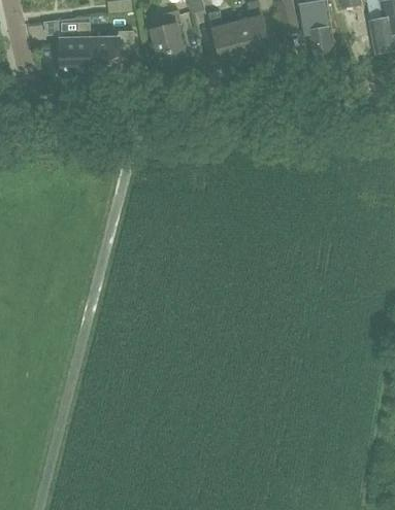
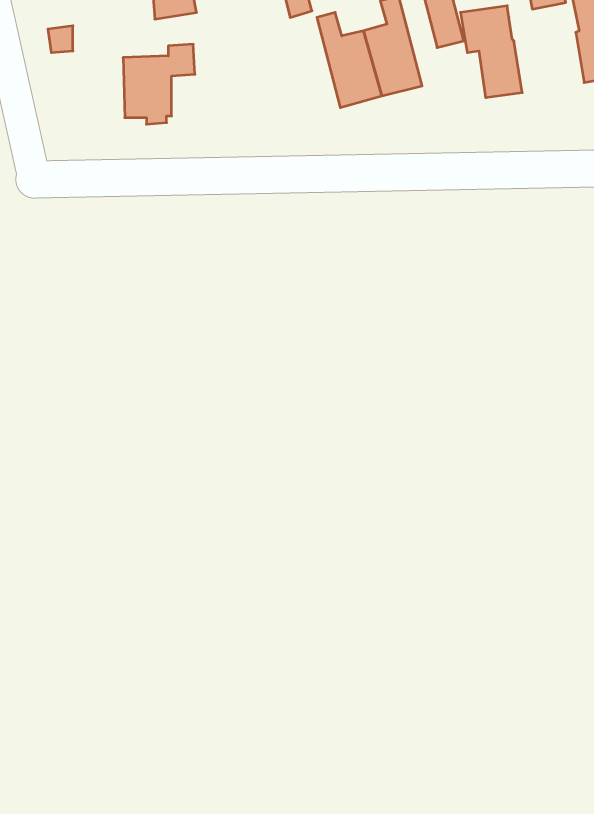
building: [152,9,189,69] -> none
building: [57,21,90,75] -> none

